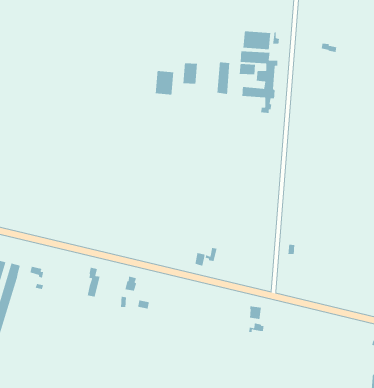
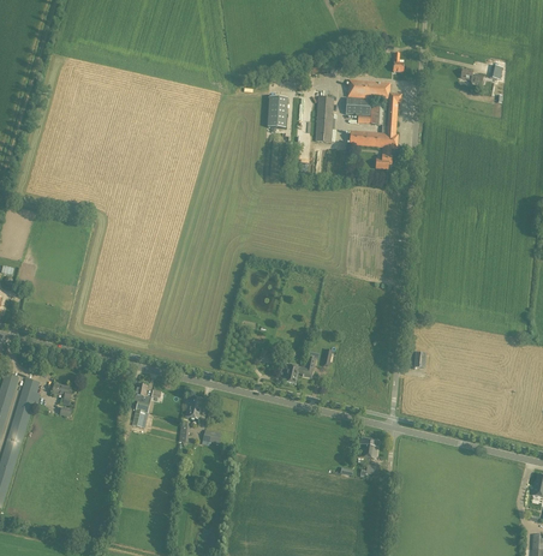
building: [243,31,271,50] -> none
building: [155,70,174,95] -> none

